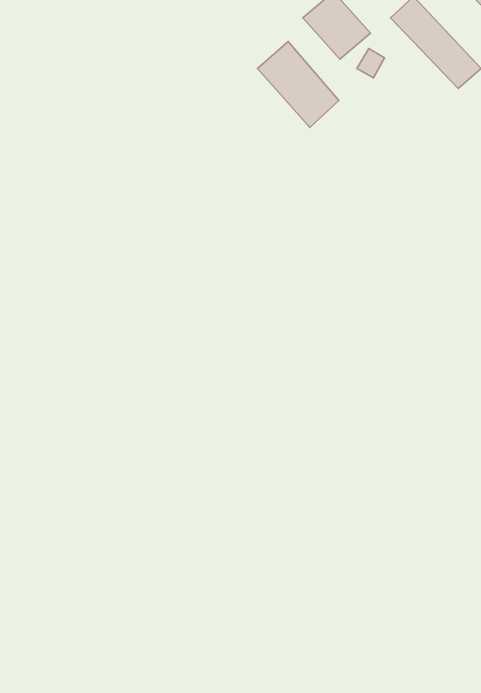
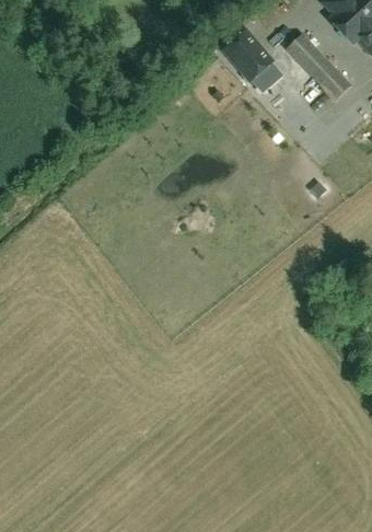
building: [258,41,339,127] -> none

